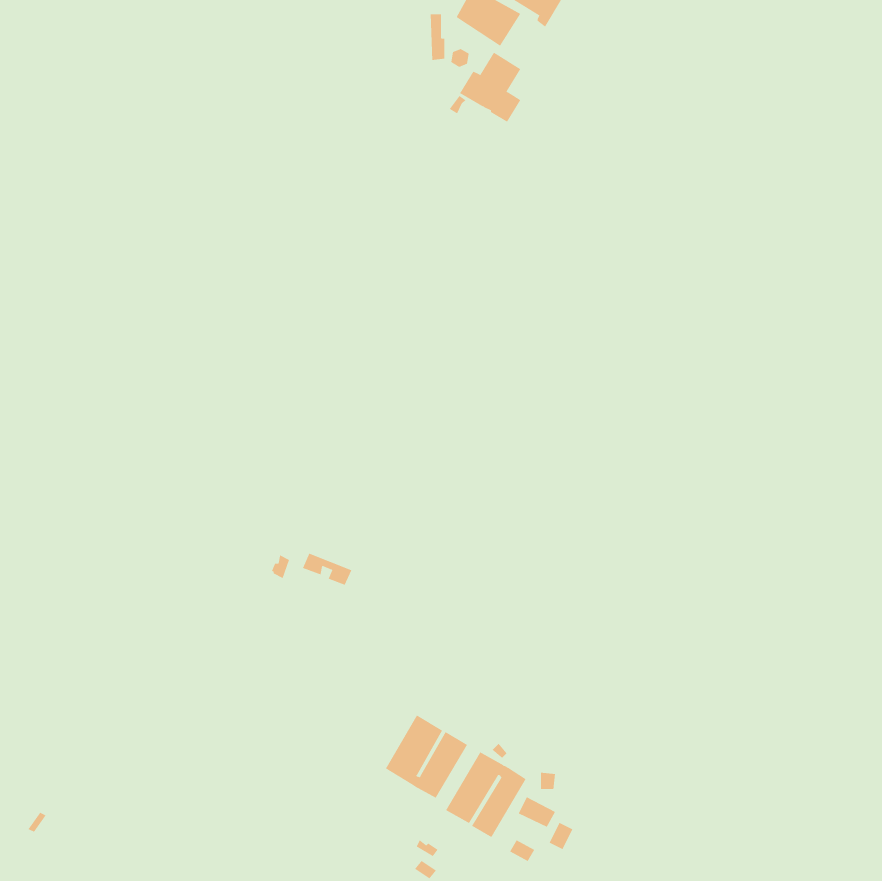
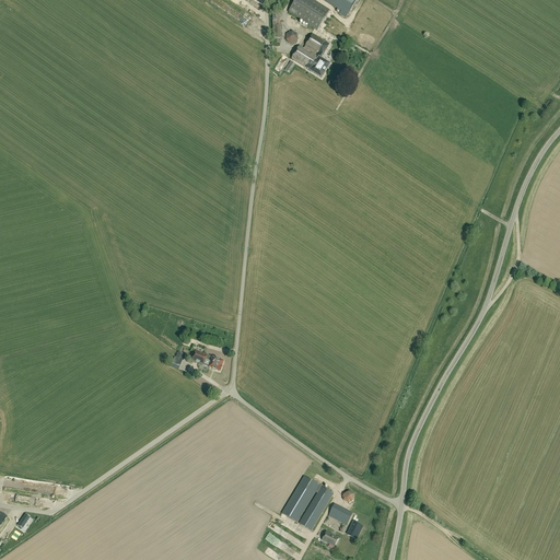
building: [385,715,468,799] -> none

